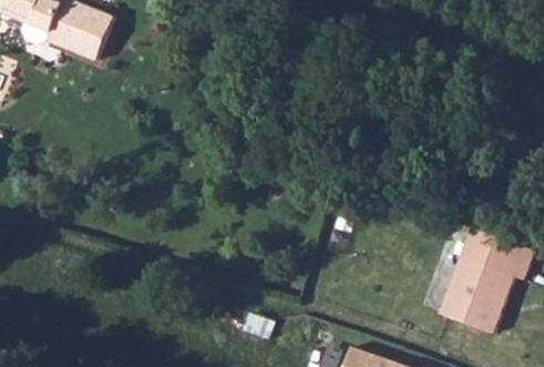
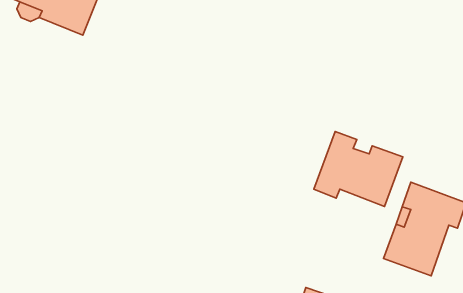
building: none -> [314,131,403,207]

